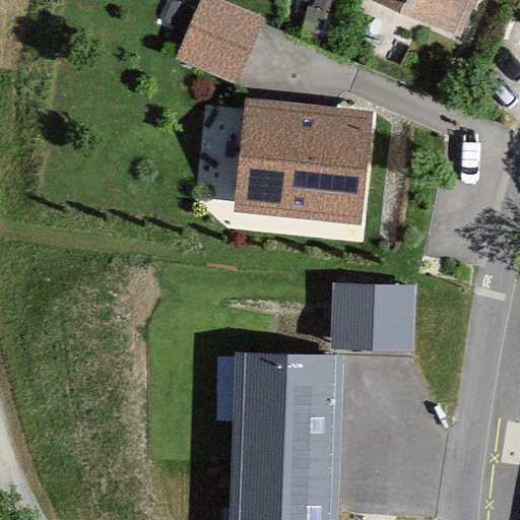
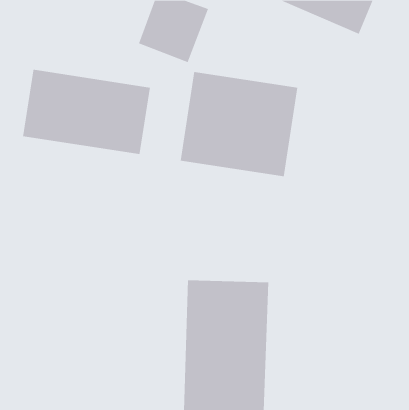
building: none -> [23,69,150,155]
building: [330,286,412,353] -> none

